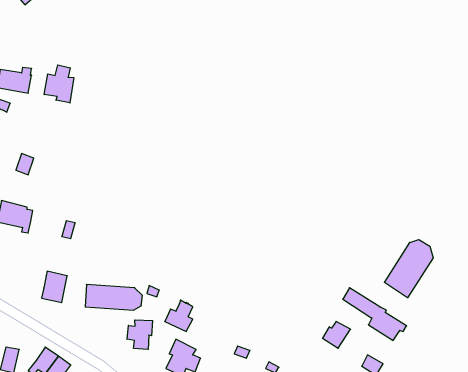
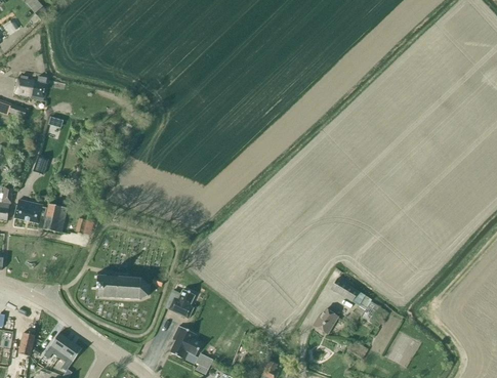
building: [44,65,74,103] -> none
building: [384,240,433,298] -> none
building: [42,271,67,303] -> [43,204,67,233]
building: [127,320,153,349] -> none

